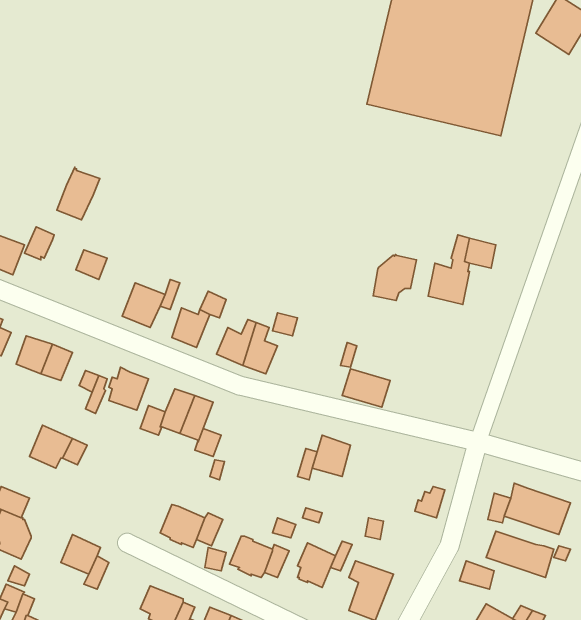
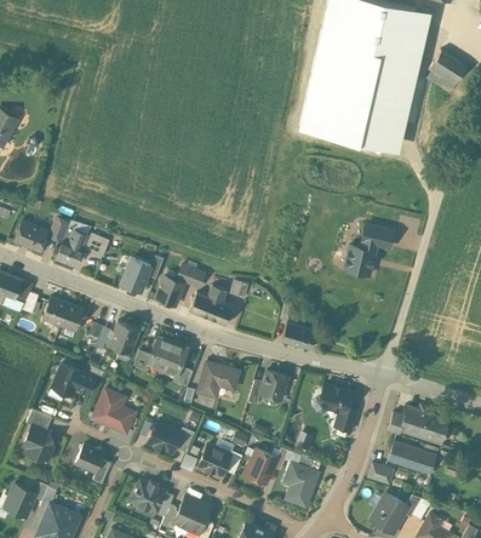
building: [57,167,100,220] -> [56,228,87,267]
building: [373,254,416,300] -> none
building: none -> [199,362,237,395]
building: none -> [314,384,351,413]
building: none -> [92,389,134,434]

